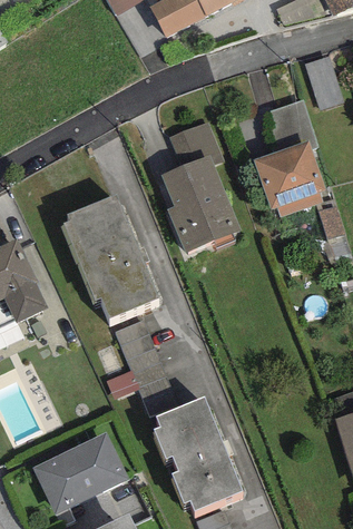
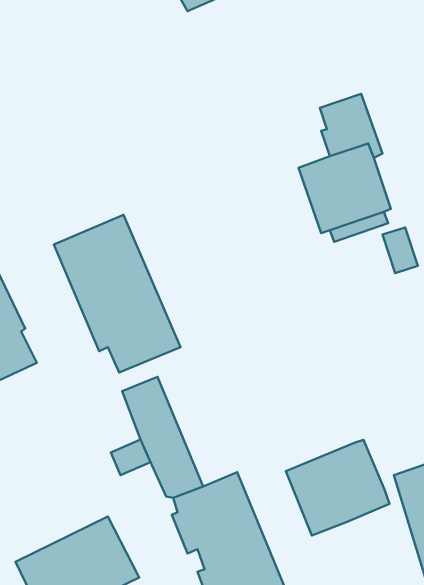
building: [305,56,343,110] -> none
building: [160,121,239,253] -> none
building: none -> [286,440,389,536]

